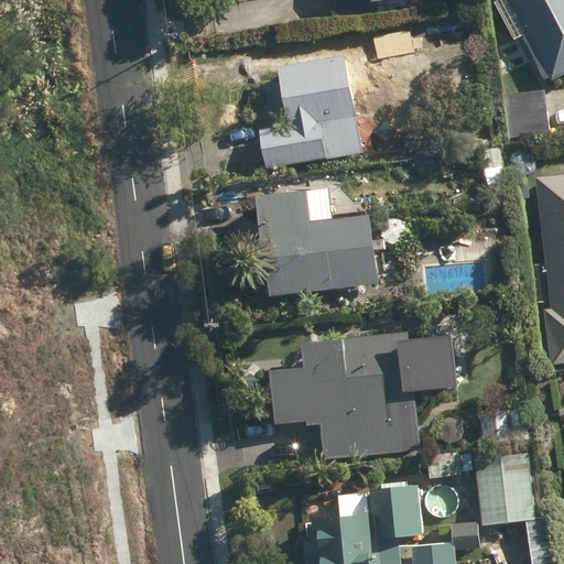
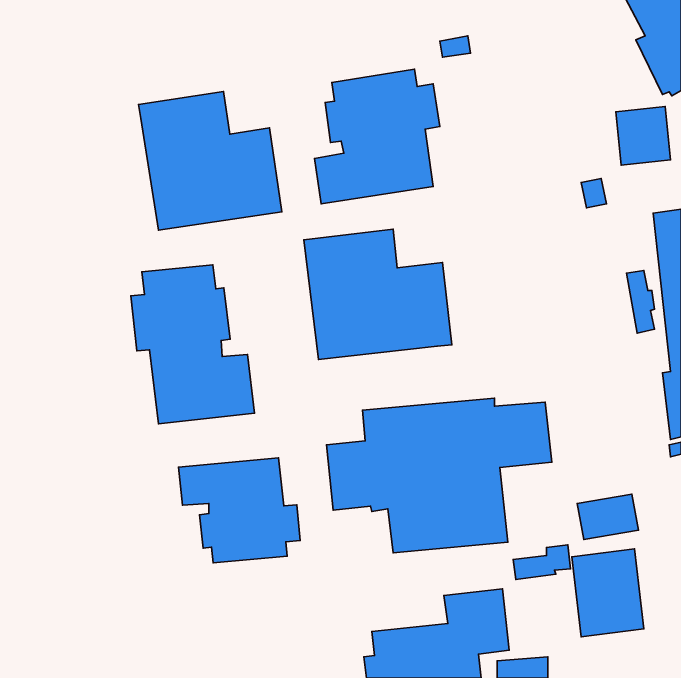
building: none -> [139,91,282,230]
building: none -> [131,265,255,424]
building: none -> [179,458,300,563]

